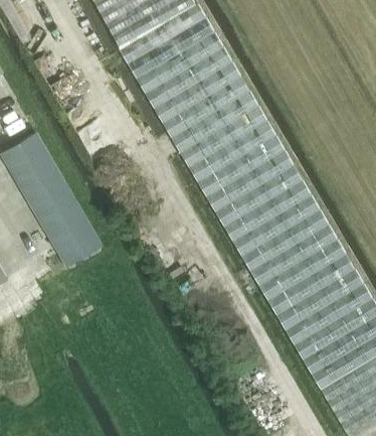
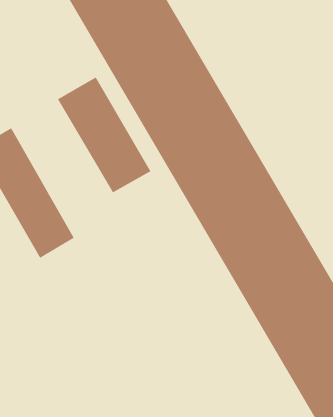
building: none -> [57,77,151,193]

